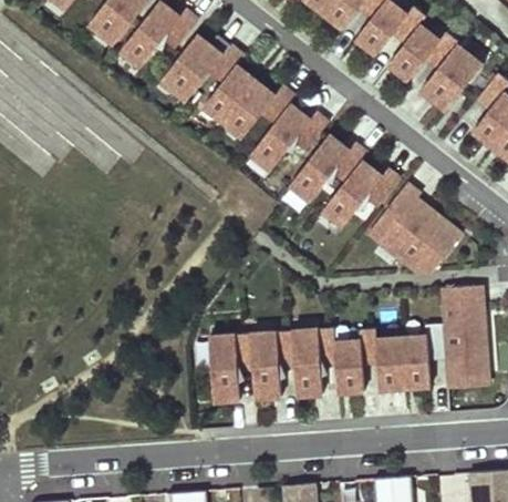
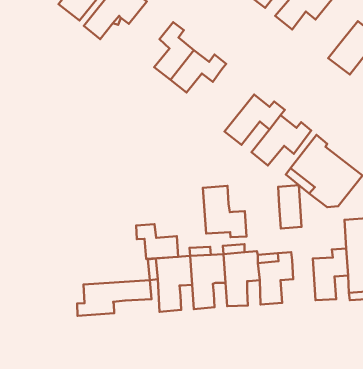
building: [388,25,458,81] -> none
building: [165,34,230,96] -> none
building: [255,104,329,166] -> none
building: none -> [203,186,247,237]
building: none -> [136,224,178,259]
building: [376,337,405,390] -> [278,185,302,228]
building: none -> [77,280,152,316]

